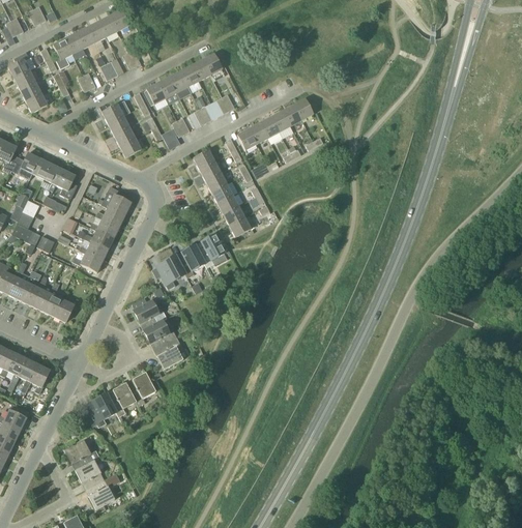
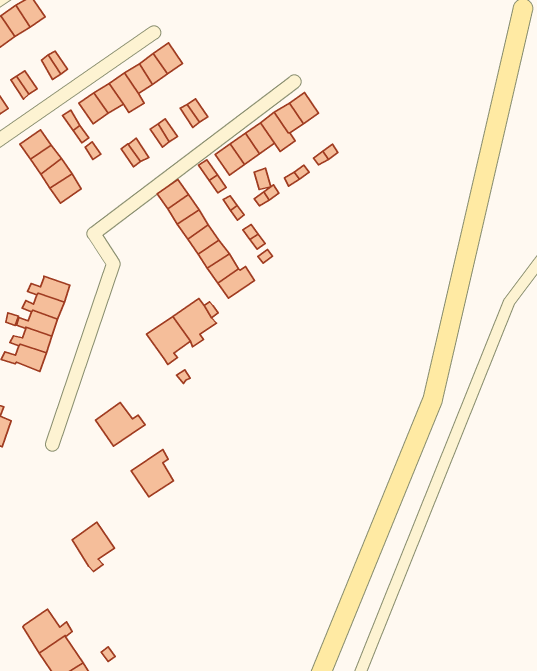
building: [98,185,132,214] -> none
building: [150,255,185,289] -> none
building: [143,320,177,349] -> none
building: [125,372,156,406] -> none
building: [85,392,116,427] -> none

